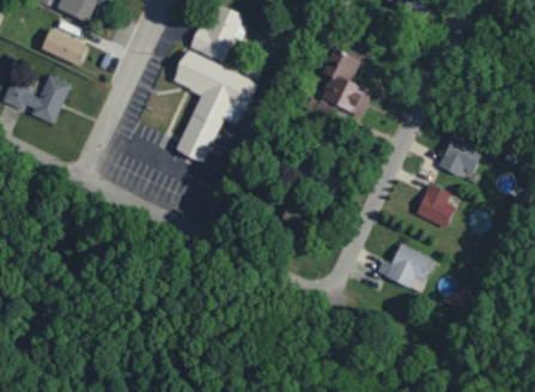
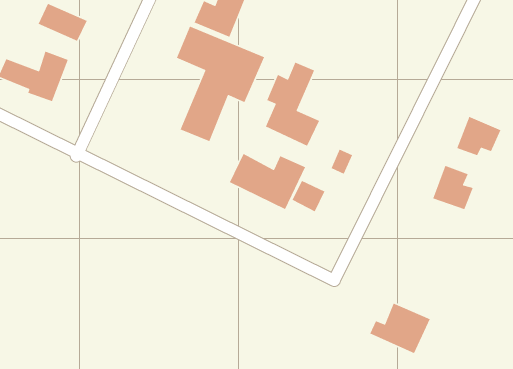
building: [321,36,373,117] -> [265,61,320,147]
building: none -> [229,153,306,210]
building: [377,243,436,293] -> [369,303,431,354]

